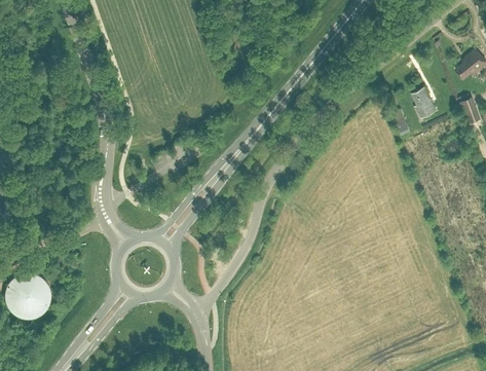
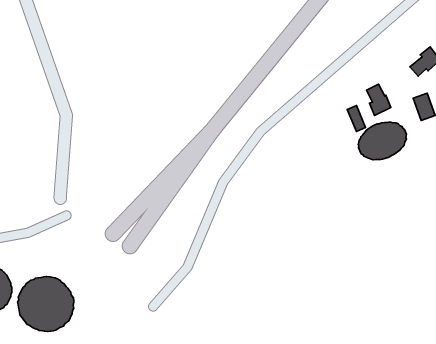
building: none -> [358,122,407,160]
building: none -> [18,276,74,332]

